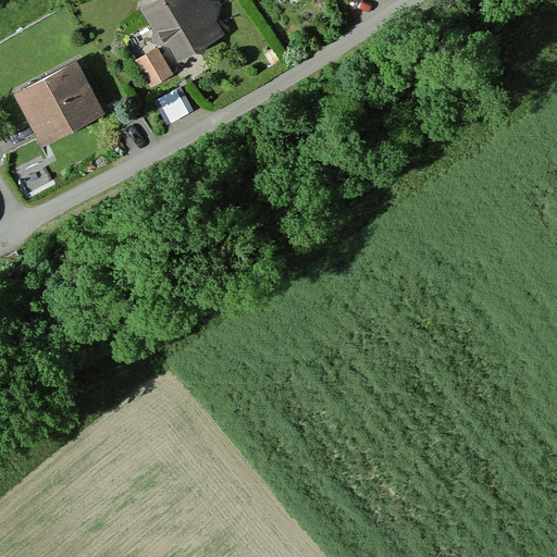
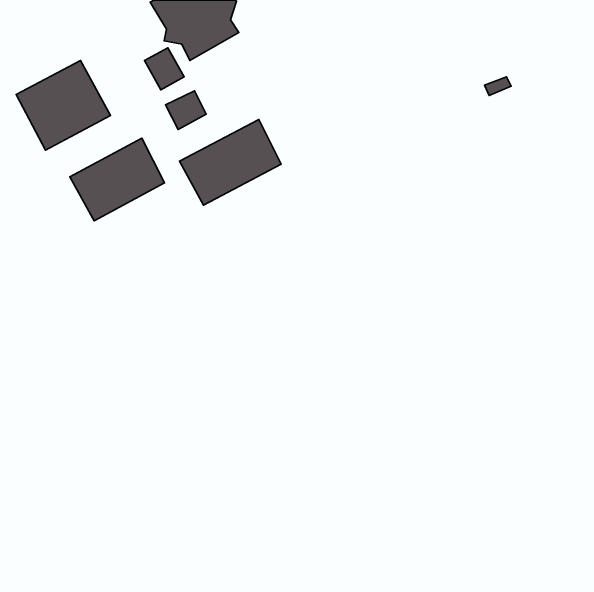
building: none -> [179,119,281,205]
building: none -> [70,138,165,221]

